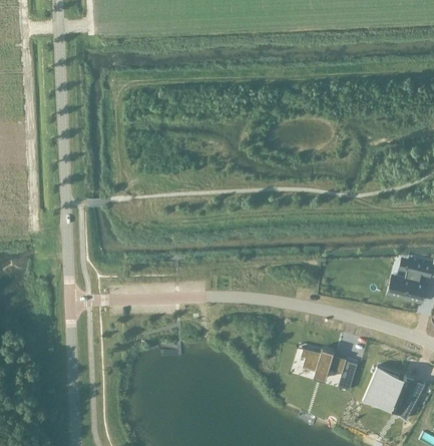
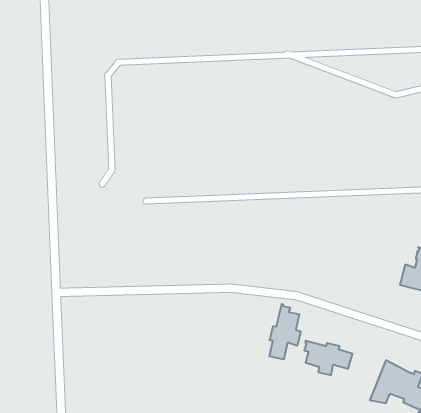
building: none -> [270,304,301,359]

